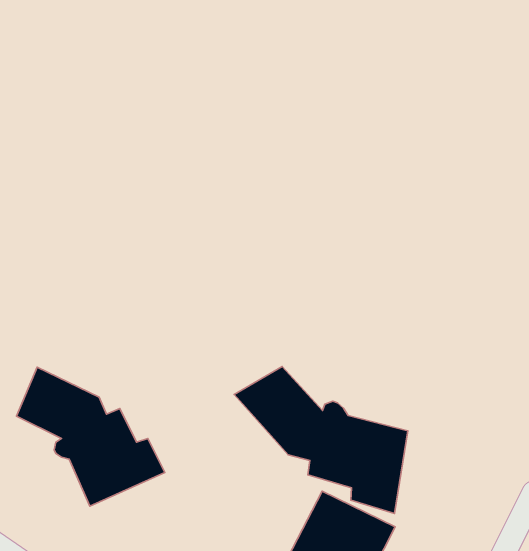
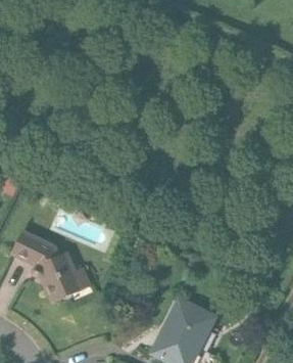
building: [234,367,408,513] -> none

